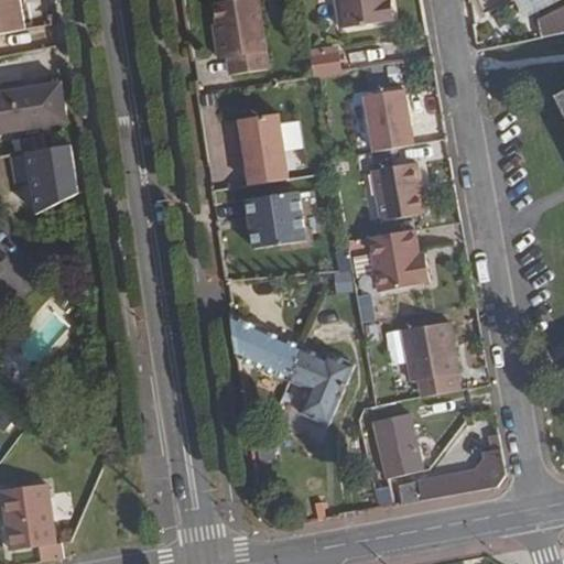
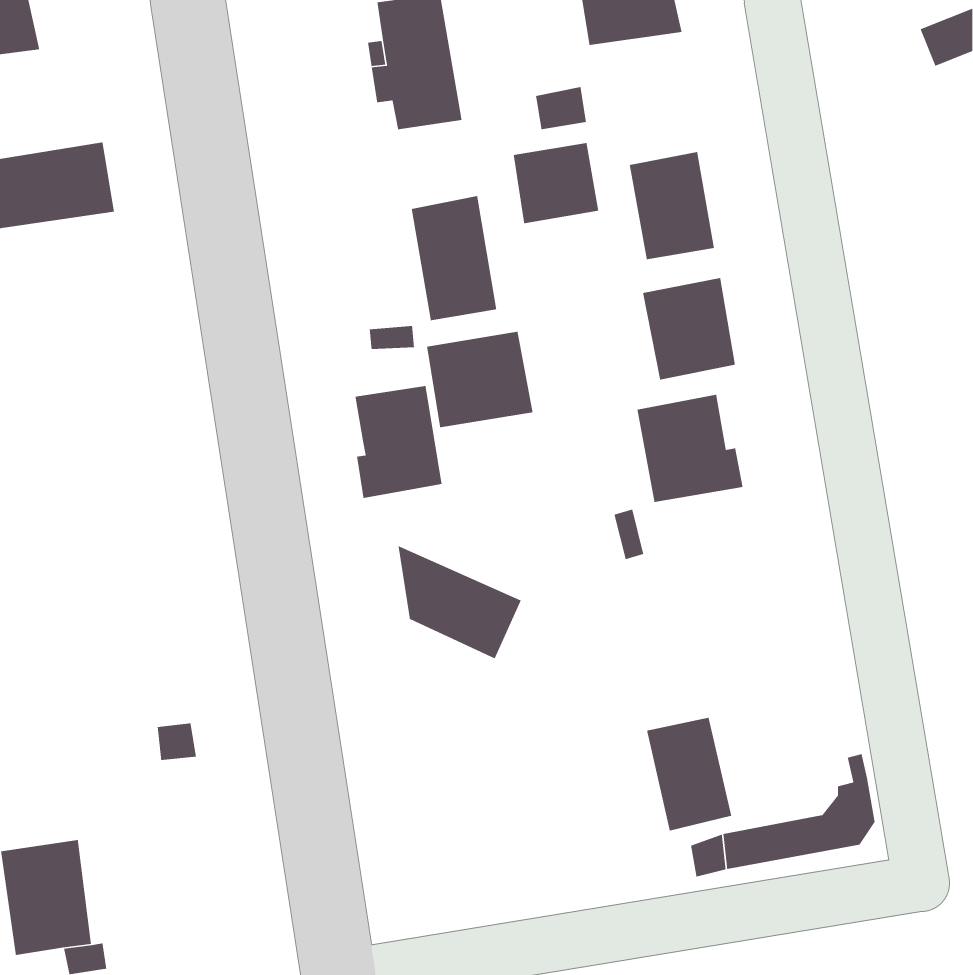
building: none -> [513,142,599,224]
building: [19,147,69,205] -> none
building: none -> [355,385,442,499]
building: [400,321,459,397] -> none
building: [285,346,351,424] -> none

